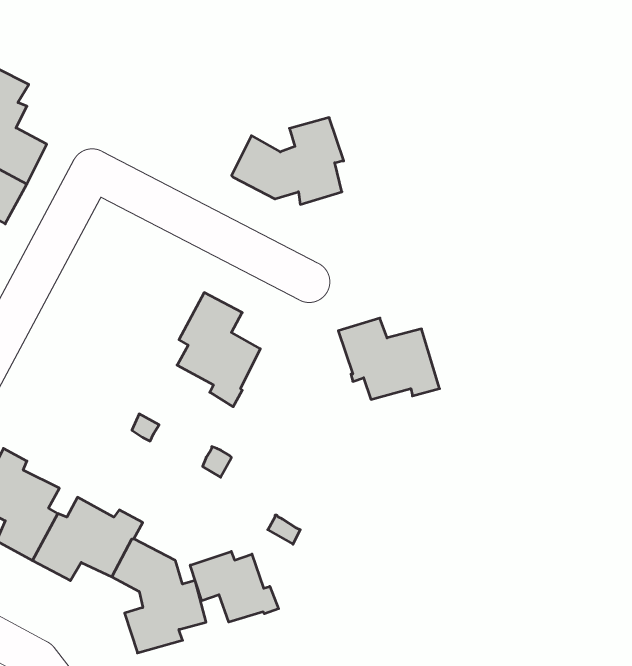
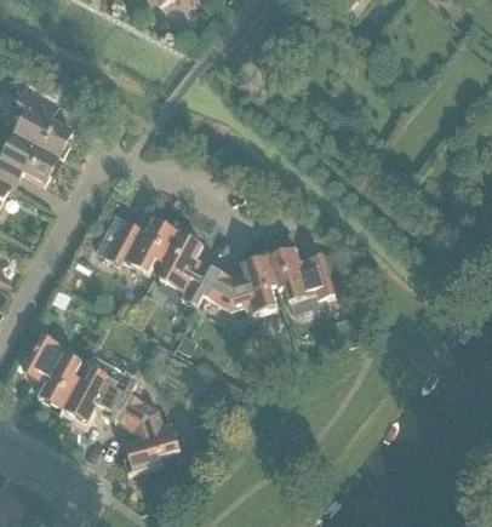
building: [232,118,344,204] -> [201,254,276,313]
building: none -> [91,216,177,271]
building: [190,551,279,622] -> none

